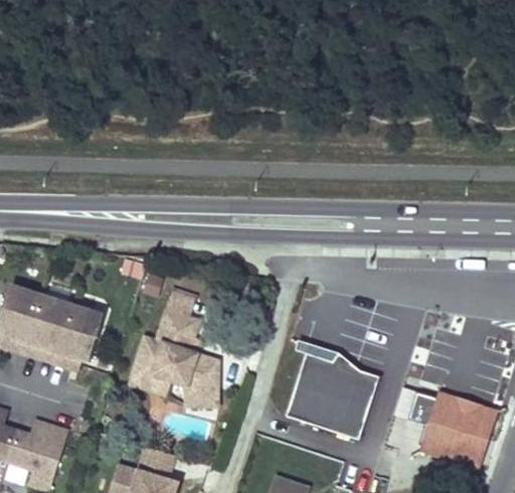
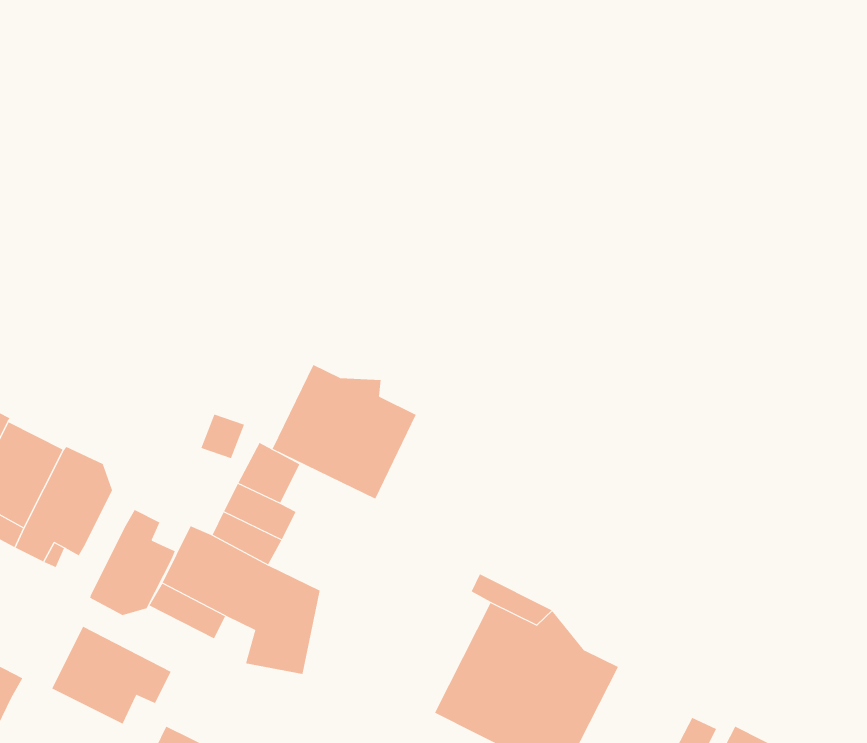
building: none -> [272,364,417,500]
building: none -> [89,509,176,616]
building: none -> [51,626,172,725]

